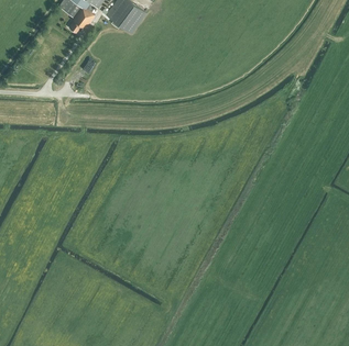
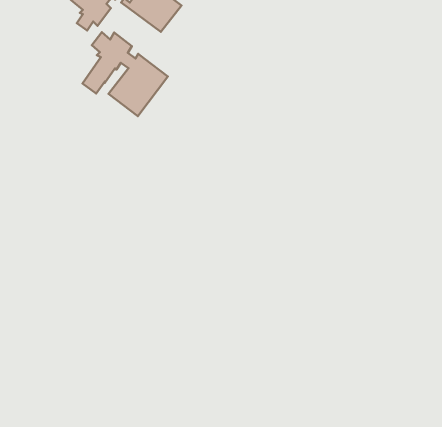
building: none -> [83,32,168,116]

